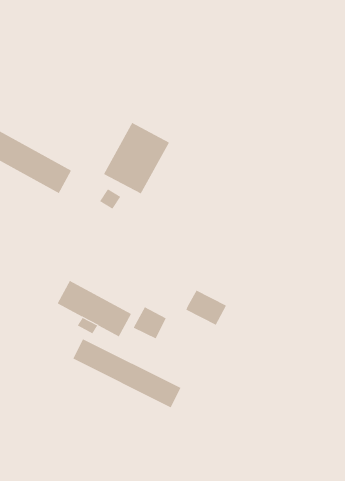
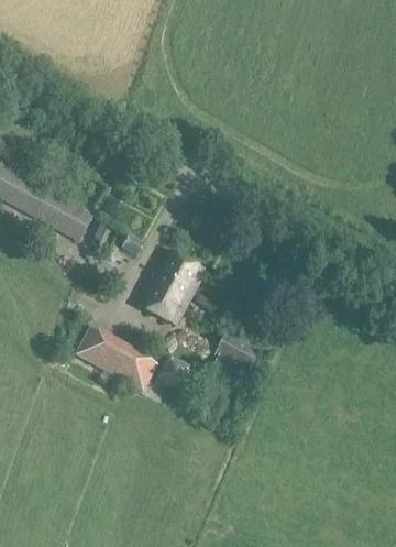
building: [103,122,170,194] -> [135,252,205,327]
building: [72,338,181,408] -> none

